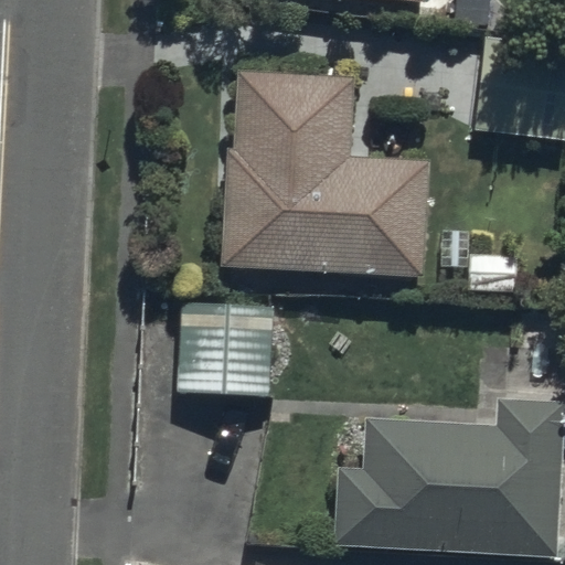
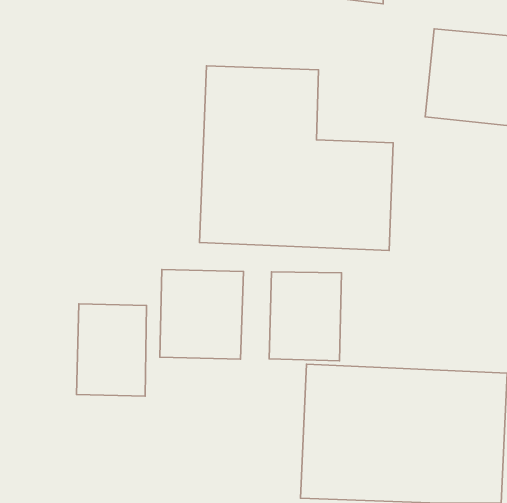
building: none -> [269,272,342,361]
building: none -> [76,304,147,396]

